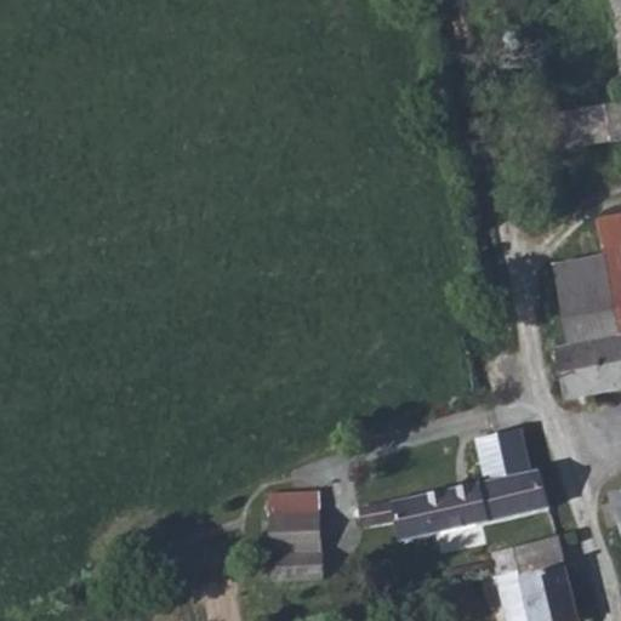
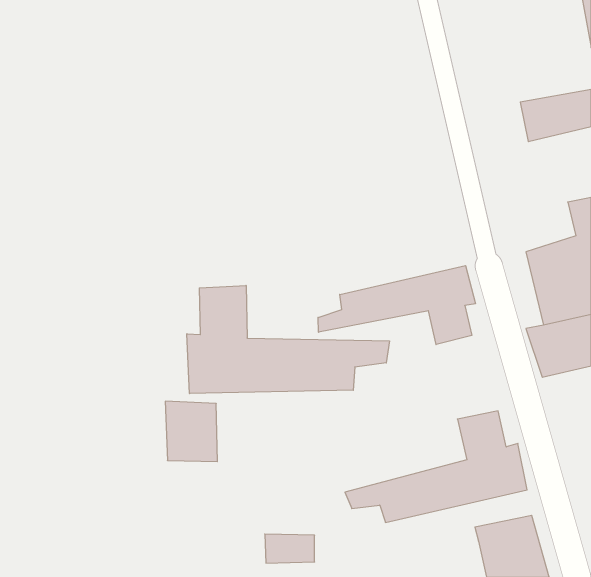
building: none -> [318,266,475,345]
building: none -> [187,285,389,394]
building: [274,496,329,559] -> [165,401,217,462]

